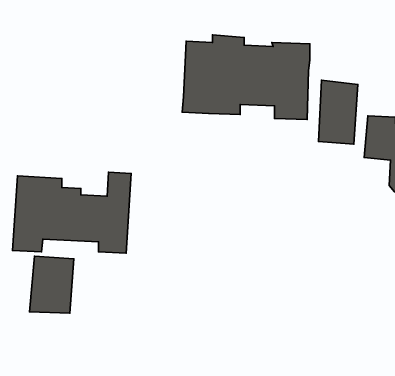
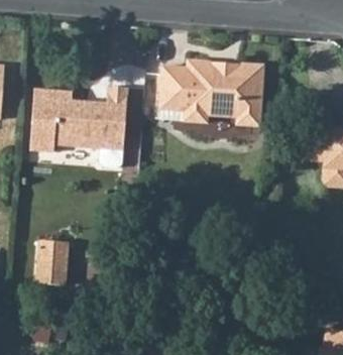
building: [318,80,358,144] -> none
building: [13,172,131,253] -> [30,88,125,152]

